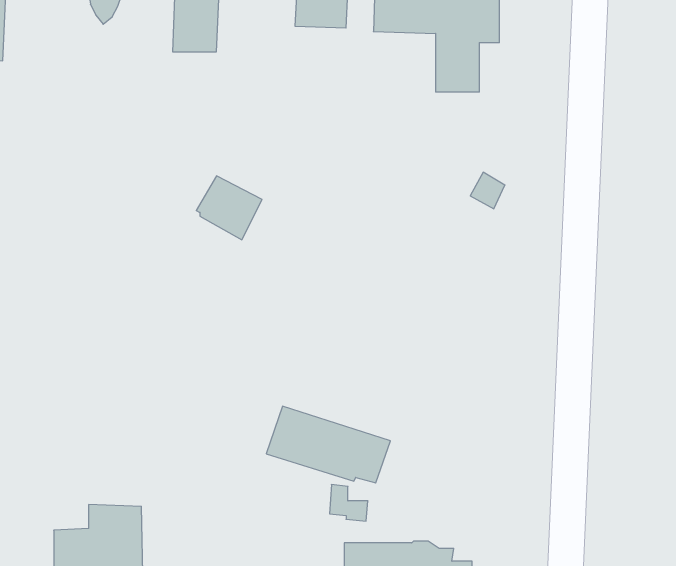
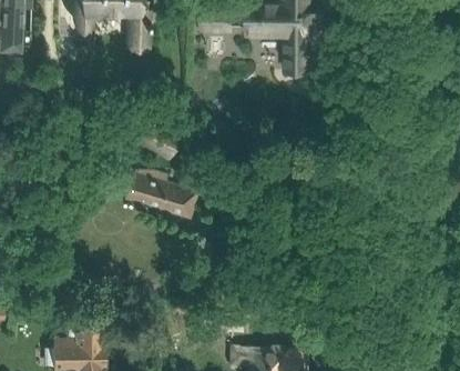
building: [266,406,390,483] -> [123,172,198,219]

